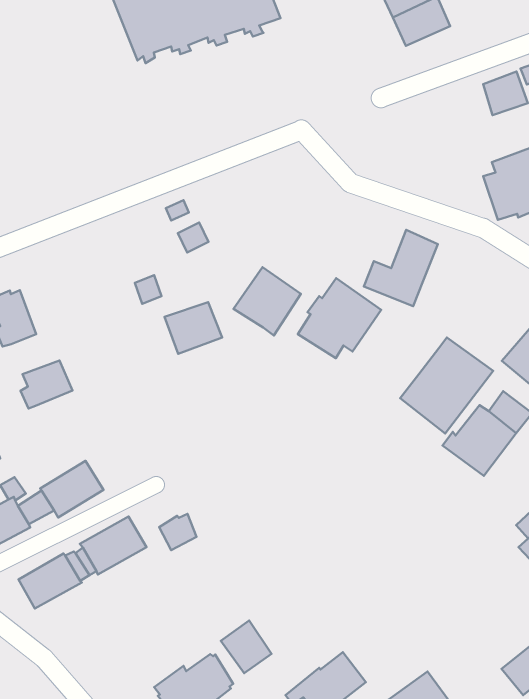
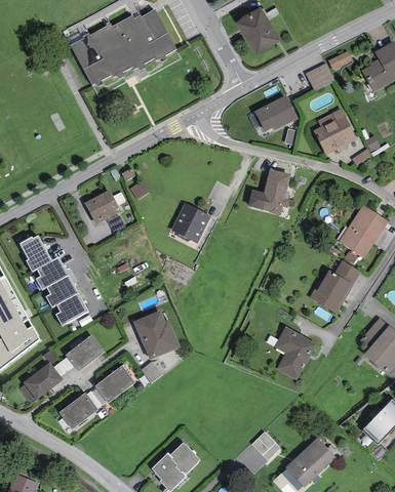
building: none -> [254,94,299,131]
building: [298,278,381,358] -> none
building: [164,302,222,354] -> [84,190,121,223]
building: none -> [36,256,68,289]
building: [400,338,493,434] -> none
building: none -> [55,292,88,325]
building: none -> [133,310,181,359]
building: none -> [274,326,317,380]
building: [221,620,271,673] -> none

